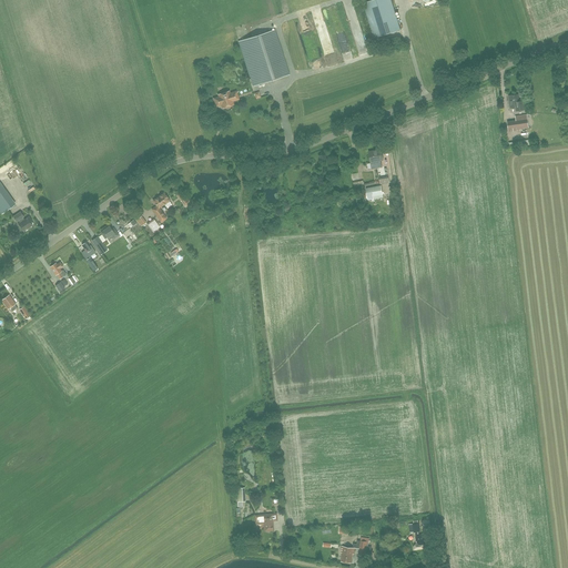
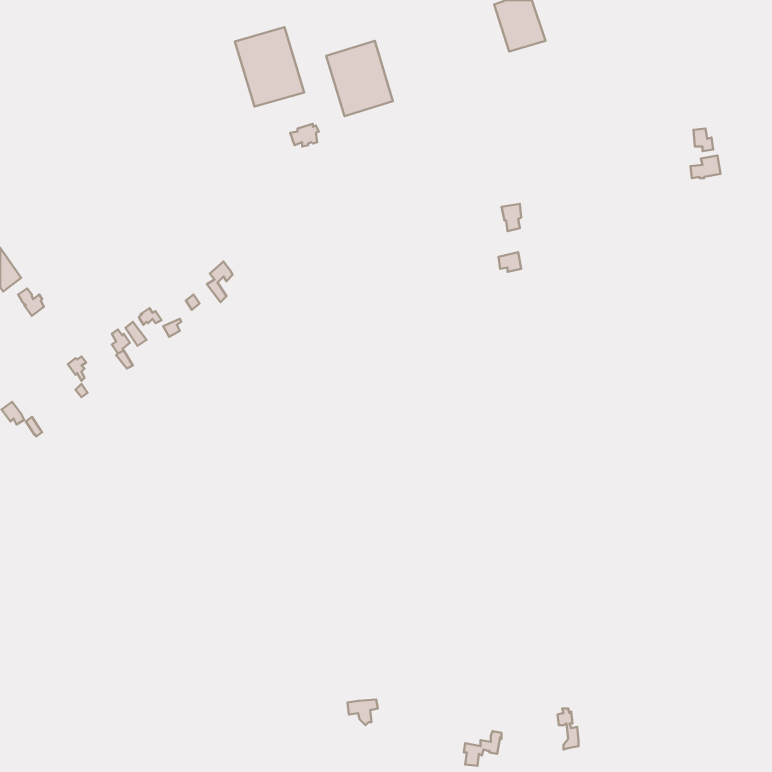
building: none -> [235,27,304,107]

